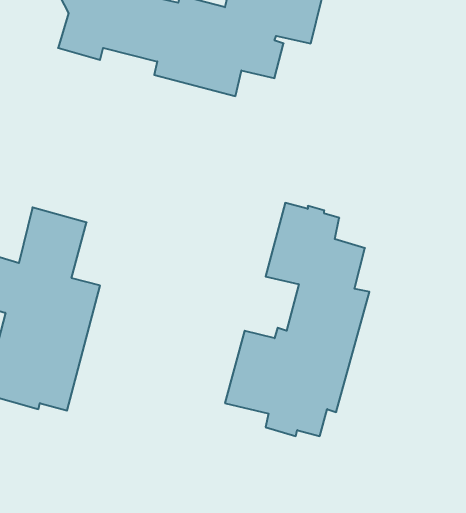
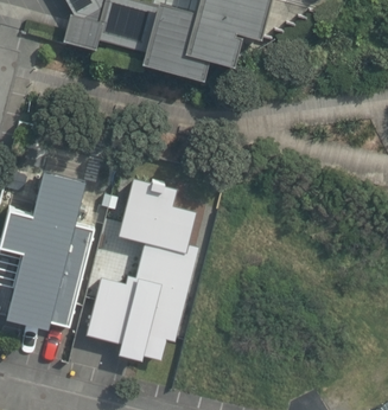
building: [225,203,369,436] -> [85,178,199,361]

